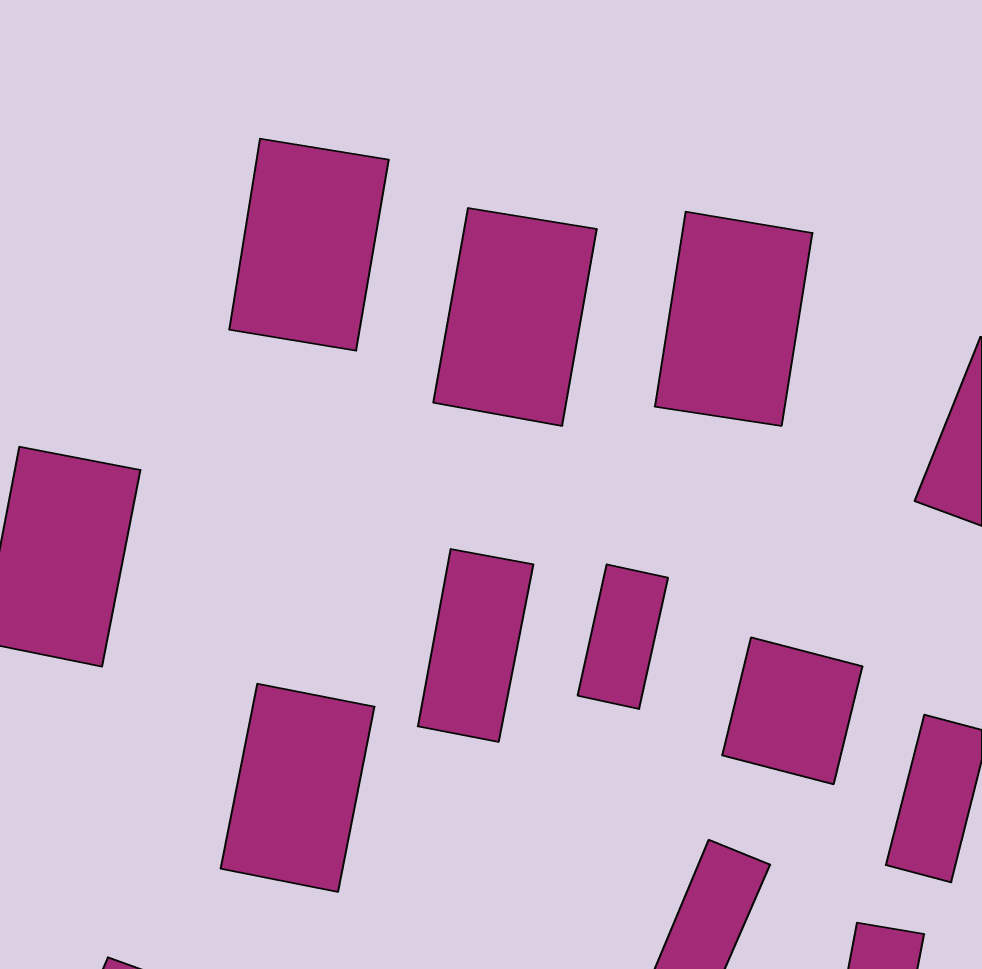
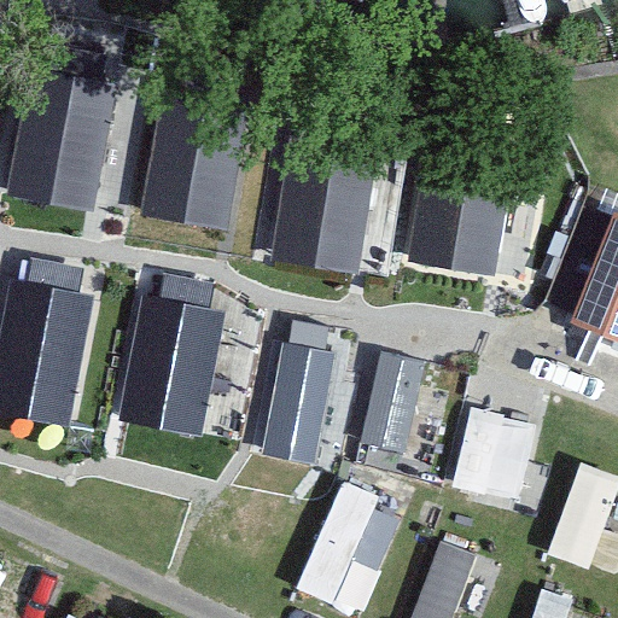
building: none -> [8,77,111,211]
building: [221,684,375,892] -> [122,307,218,437]
building: none -> [302,476,408,605]

